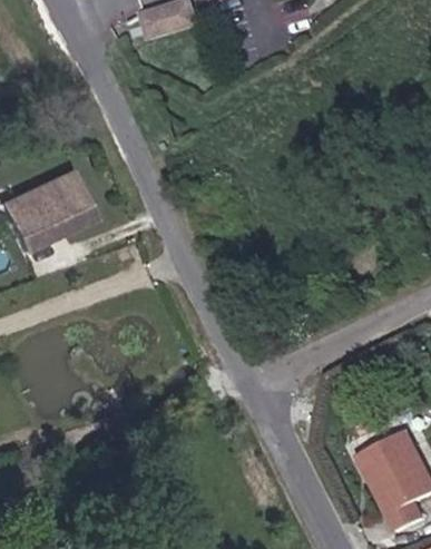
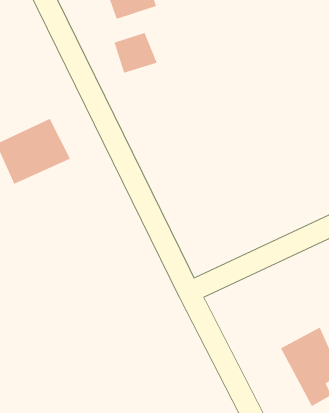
building: none -> [114,32,157,74]

